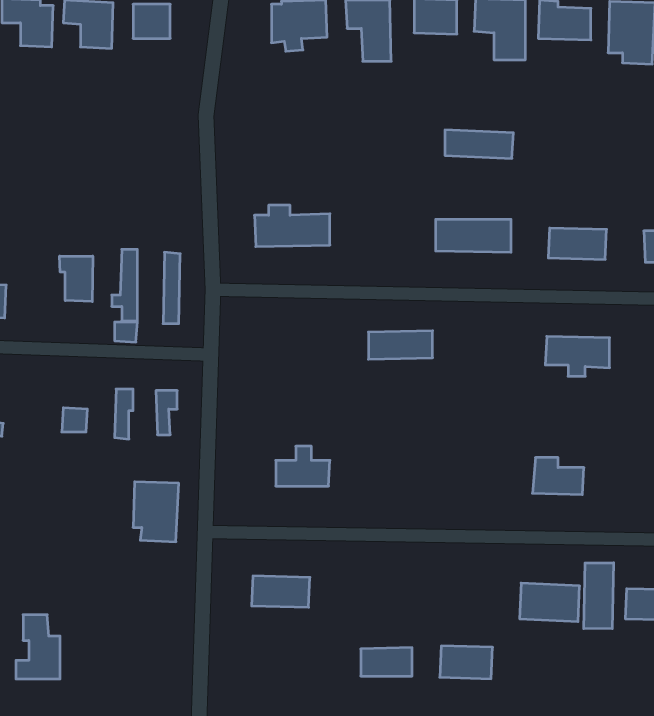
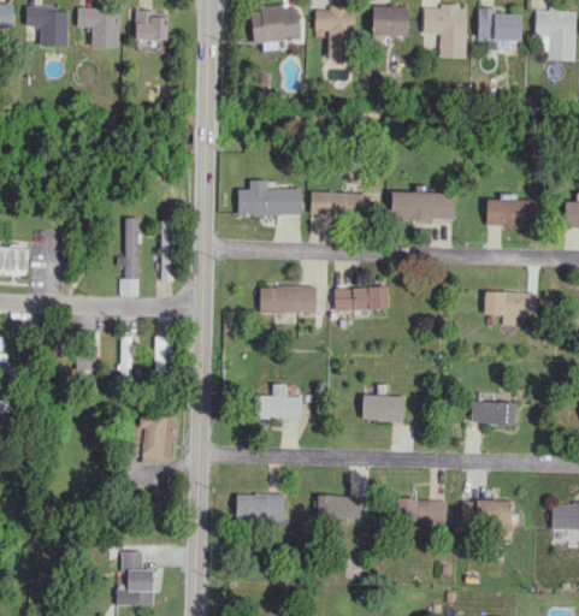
building: [445,130,513,158] -> [311,191,368,215]
building: [60,256,93,302] -> none
building: none -> [258,286,315,313]
building: none -> [361,395,404,421]
building: [584,563,614,629] -> none
building: [16,615,60,679] -> [116,551,153,605]
building: [440,646,493,679] -> [402,499,447,527]
building: [361,648,412,676] -> [317,494,360,519]

